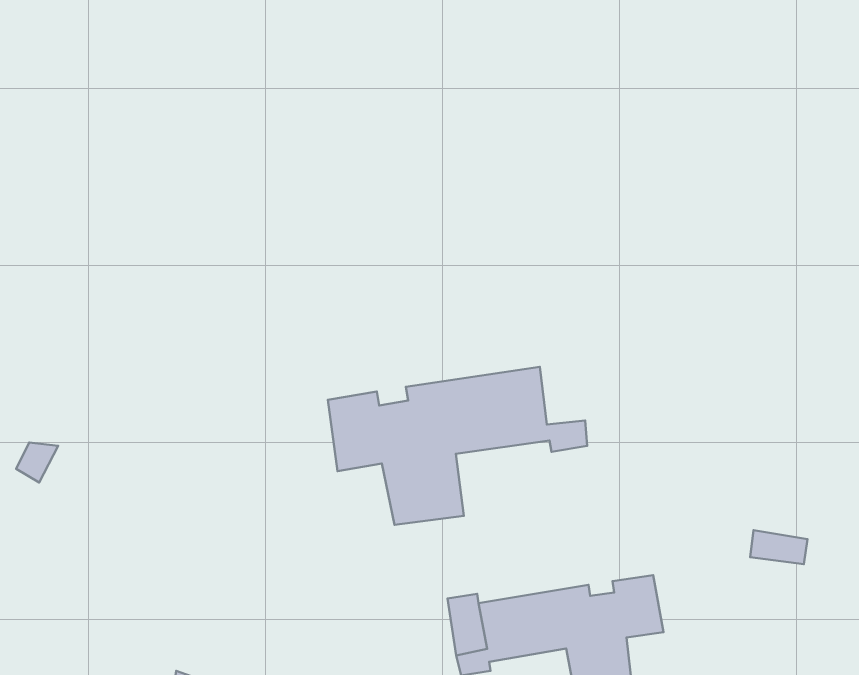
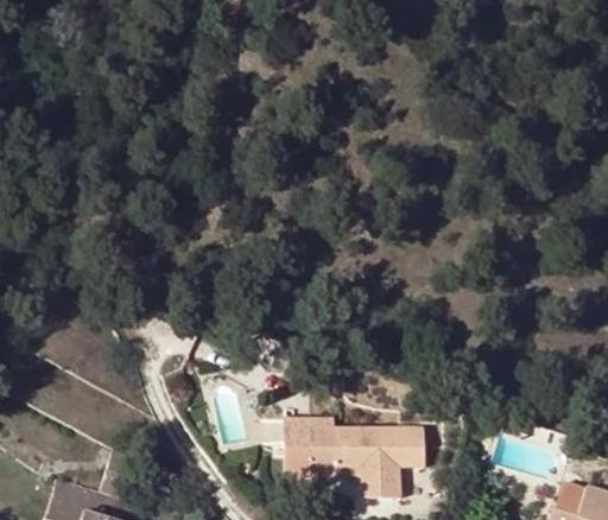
building: [328,367,587,525] -> none

